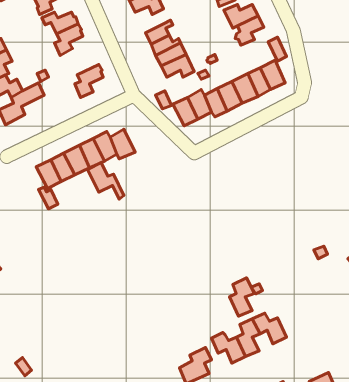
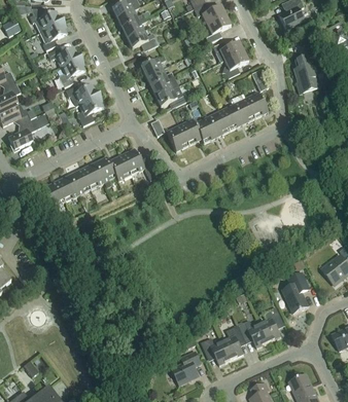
building: none -> [293,54,319,93]
building: none -> [66,83,99,106]
building: [87,163,124,199] -> [121,147,154,180]
building: none -> [283,272,309,313]
building: [229,278,254,316] -> [260,306,283,341]

